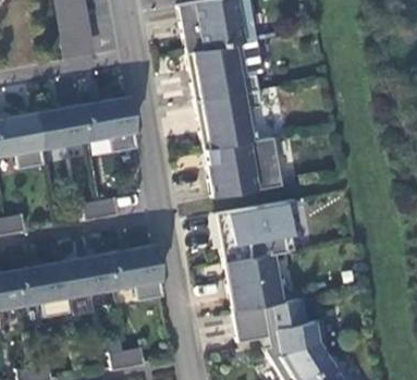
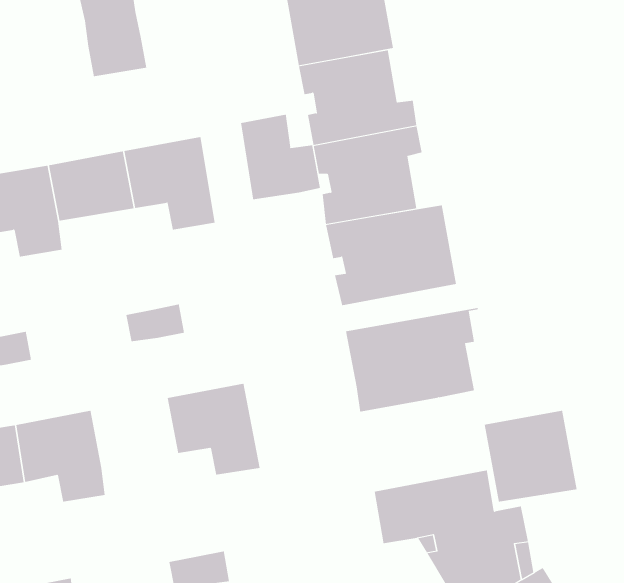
building: none -> [241,114,320,200]
building: [63,254,115,296] -> none
building: [225,254,282,309] -> [484,410,577,502]

